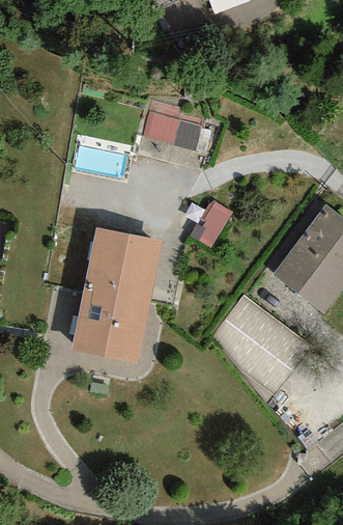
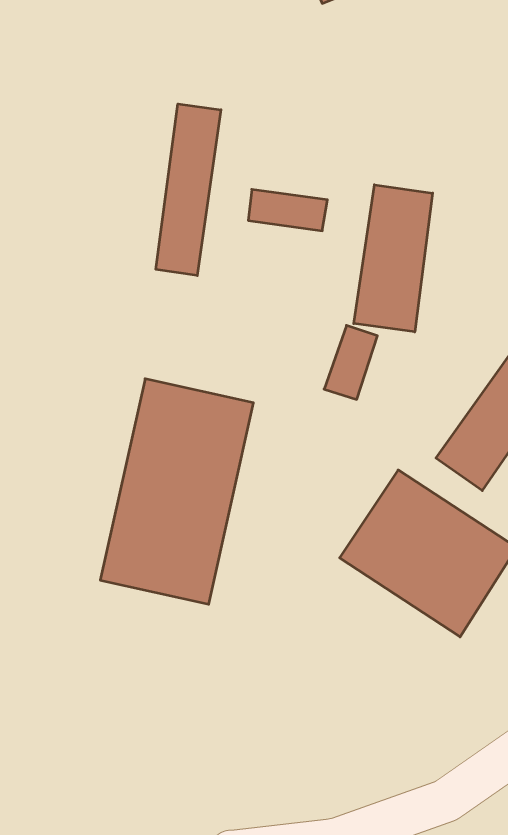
building: none -> [156,104,221,276]
building: none -> [354,185,433,332]

